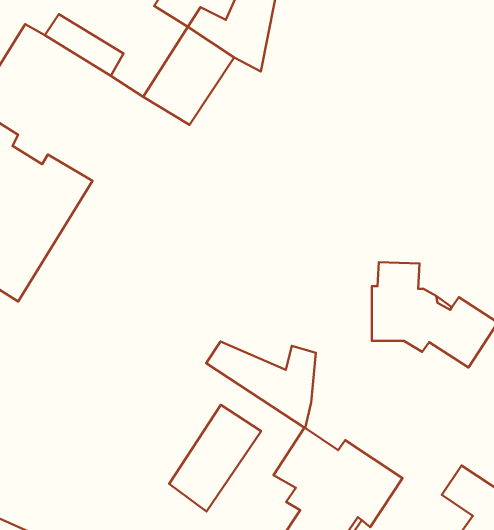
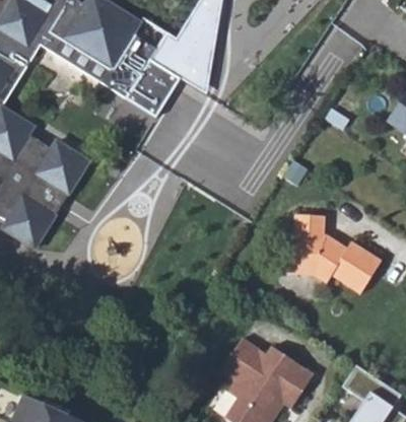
building: [206,342,316,428] -> none
building: [169,405,261,512] -> none

